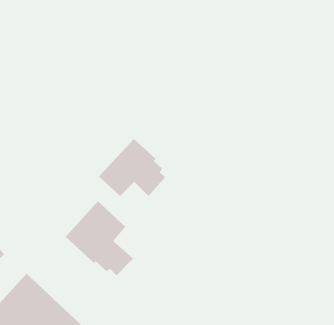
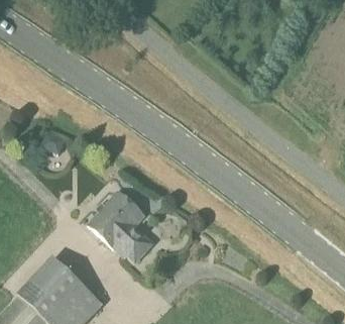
building: [98,138,166,197] -> none

